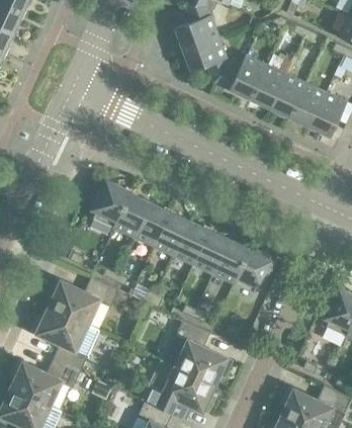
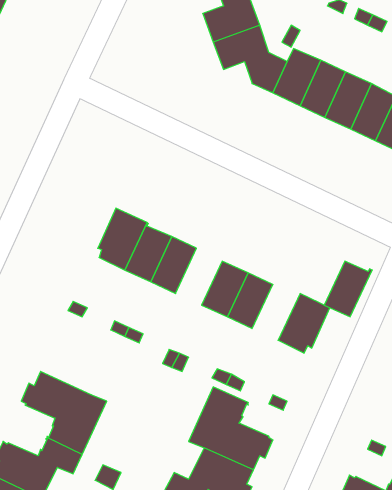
building: [153,210,189,255] -> none
building: [212,239,250,282] -> [324,261,372,317]
building: [48,276,118,325] -> none

